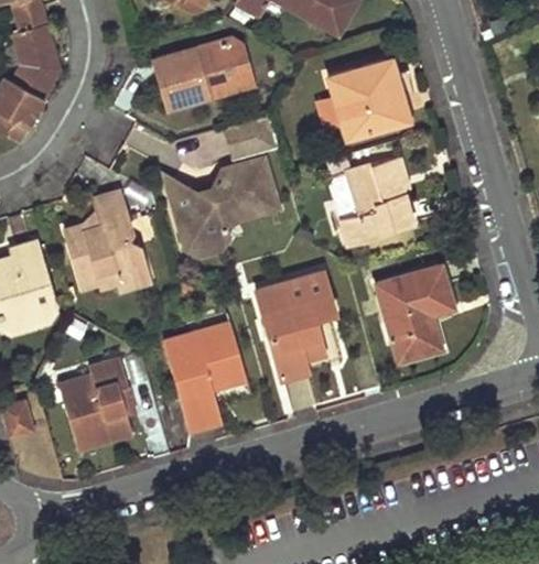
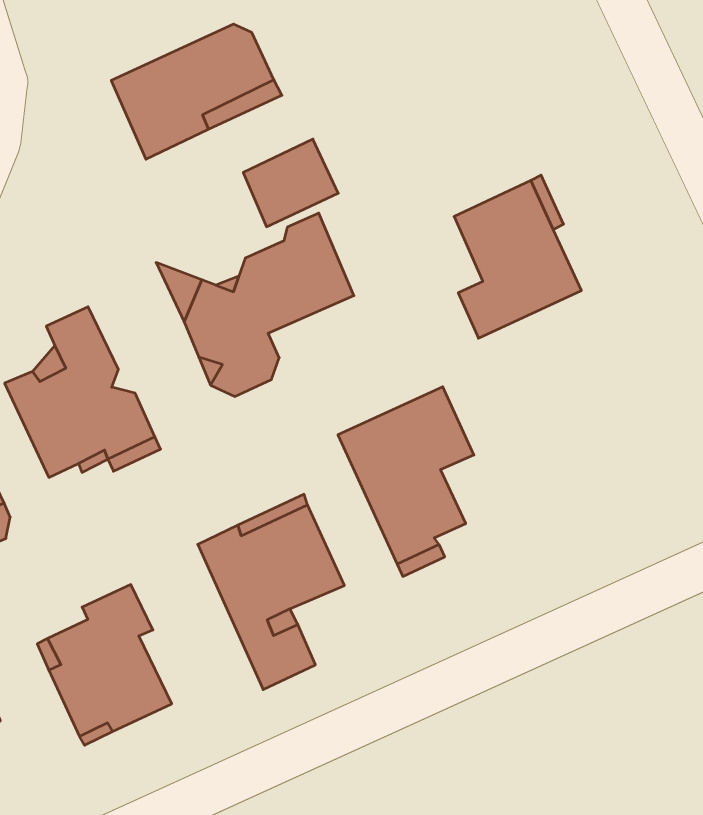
building: [327,58,408,137] -> none
building: [376,263,453,359] -> none

